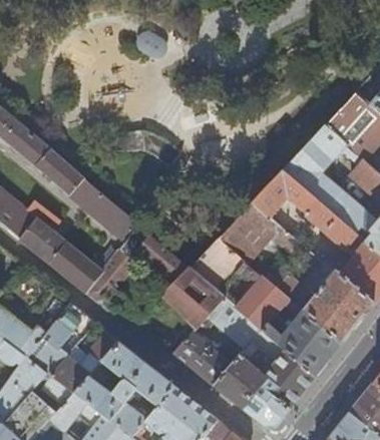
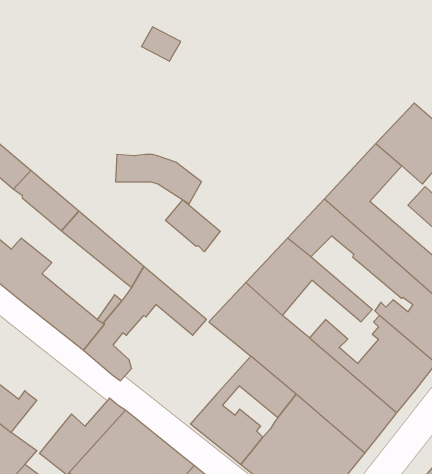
building: none -> [166,200,220,252]
building: [161,268,223,328] -> none
building: [27,304,94,377] -> none

